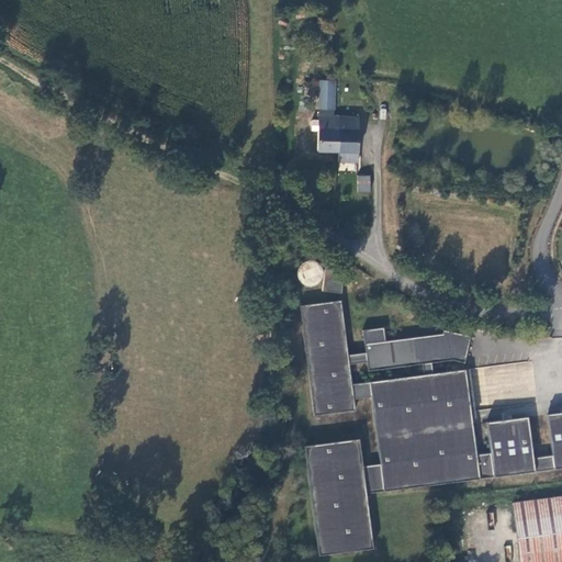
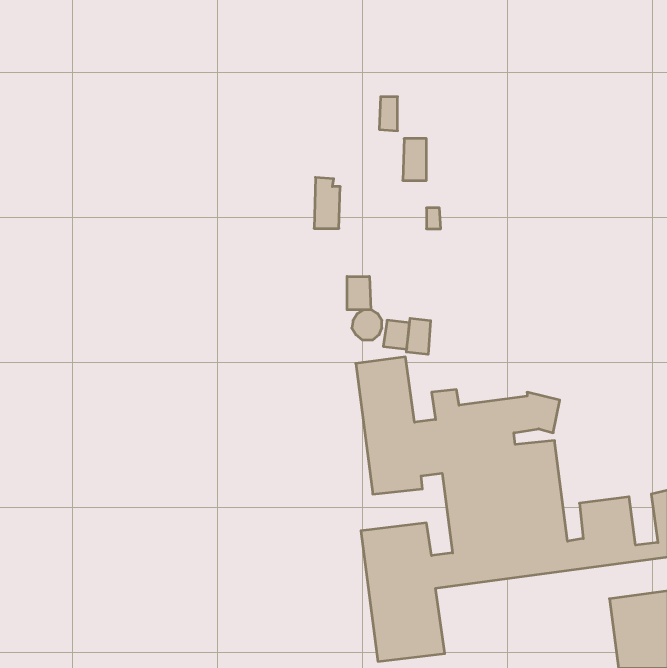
building: [318,109,340,151] -> [314,177,340,228]
building: none -> [347,276,371,310]
building: none -> [406,318,431,354]

